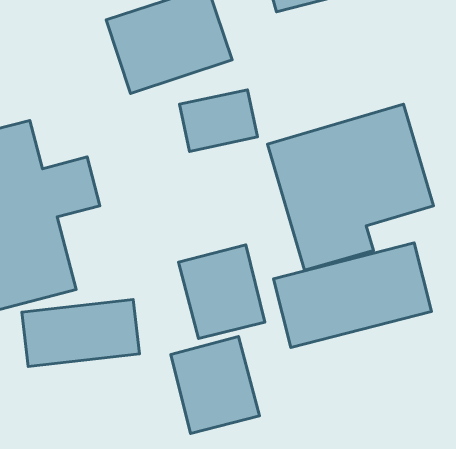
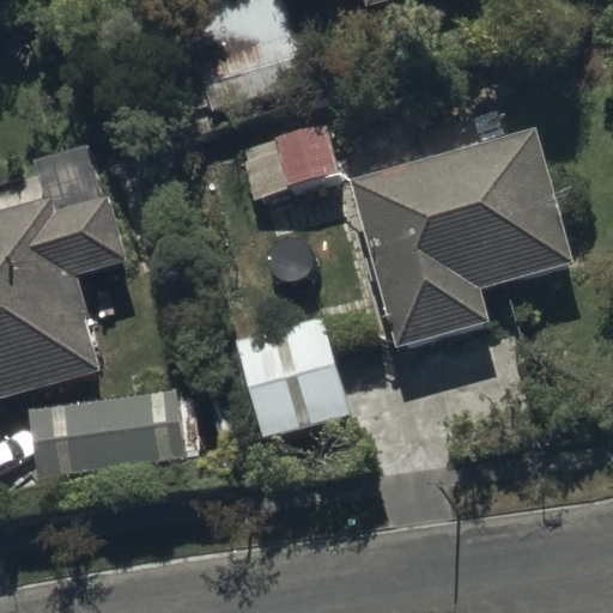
building: [273,243,432,348] -> none
building: [171,337,260,433] -> none

